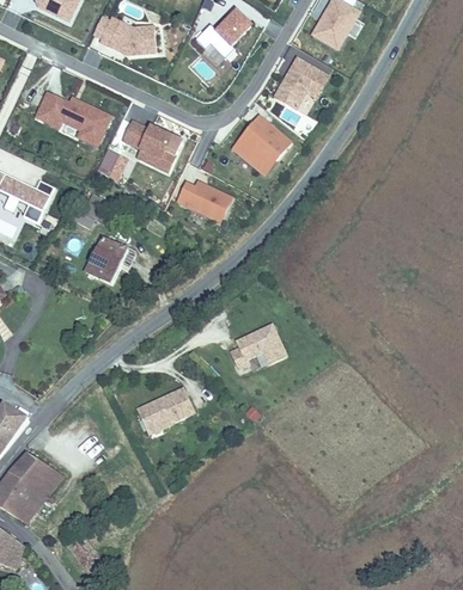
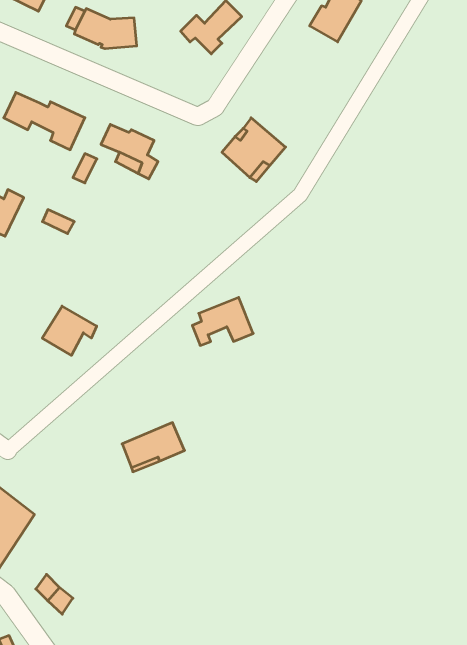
building: [275,59,327,106] -> none
building: [177,182,231,221] -> none
building: [83,236,132,281] -> [42,306,97,355]
building: [233,322,288,365] -> [192,297,253,345]

